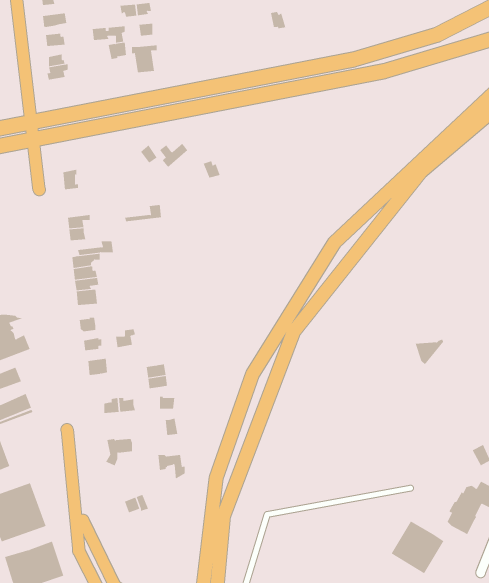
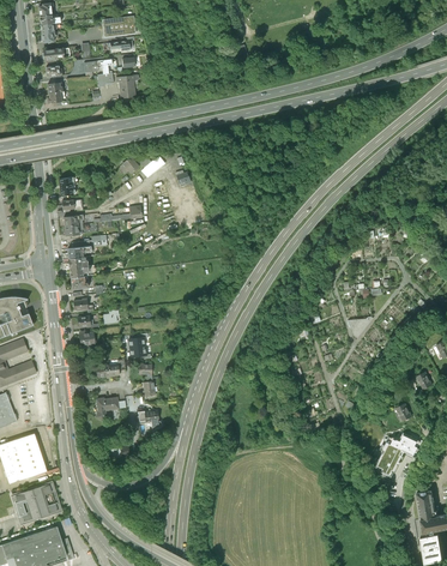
building: [391,520,444,574] -> none

